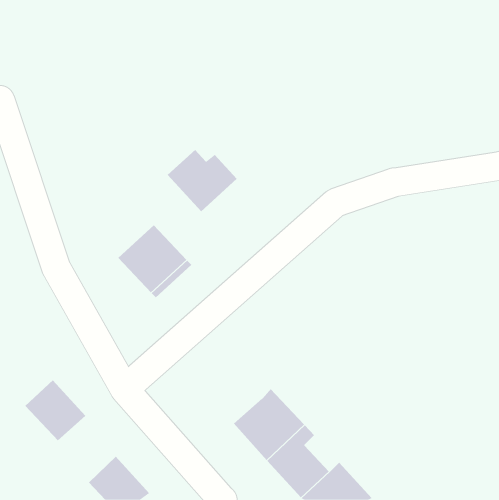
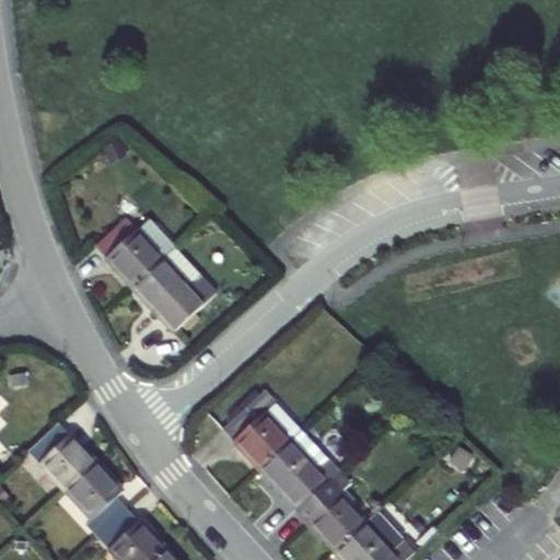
building: [167,149,237,212] -> [95,218,174,288]
building: none -> [223,392,304,472]
building: none -> [67,464,131,538]

